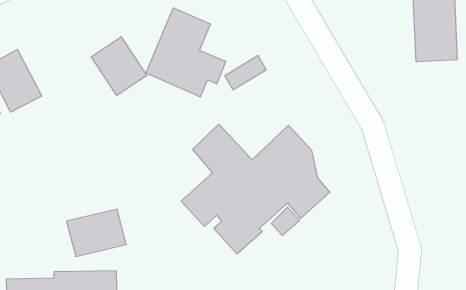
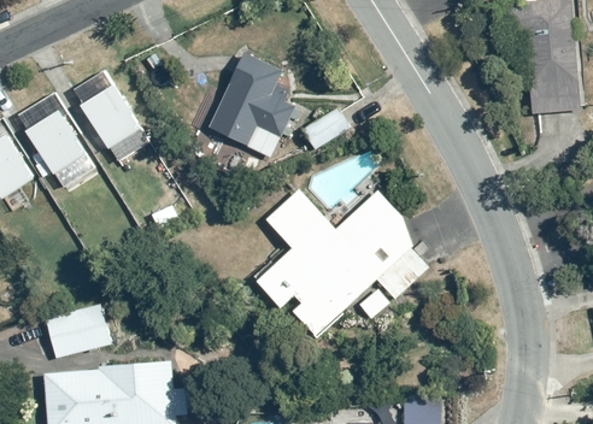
building: [91,37,147,96] -> [78,81,145,151]
building: [67,209,126,257] -> [42,302,113,359]

